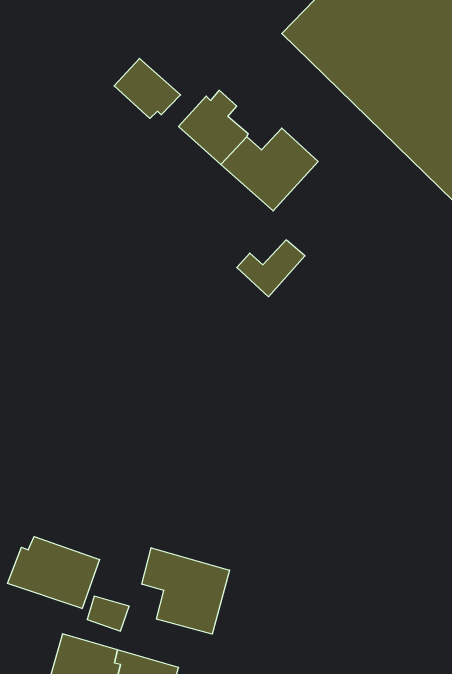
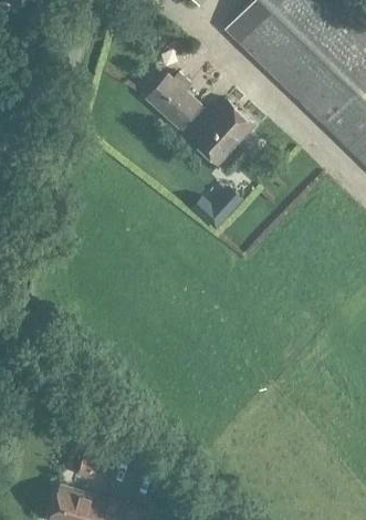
building: [114,58,181,118] -> none
building: [7,537,100,609] -> none
building: [142,548,230,634] -> none

